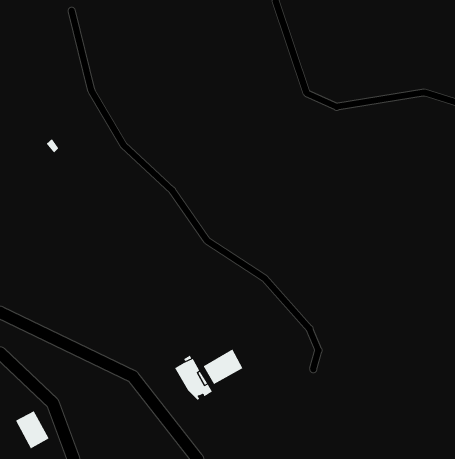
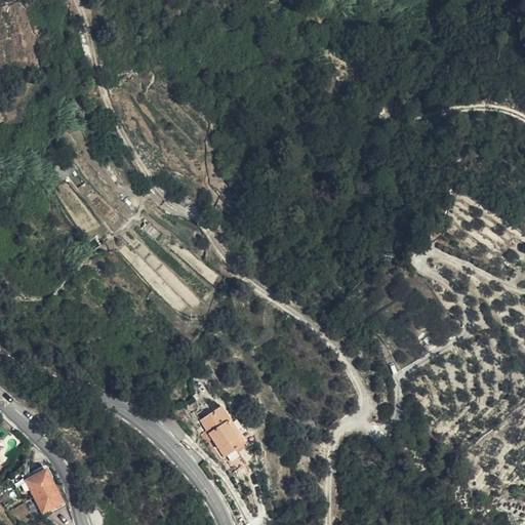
building: [203,349,243,385] -> none

